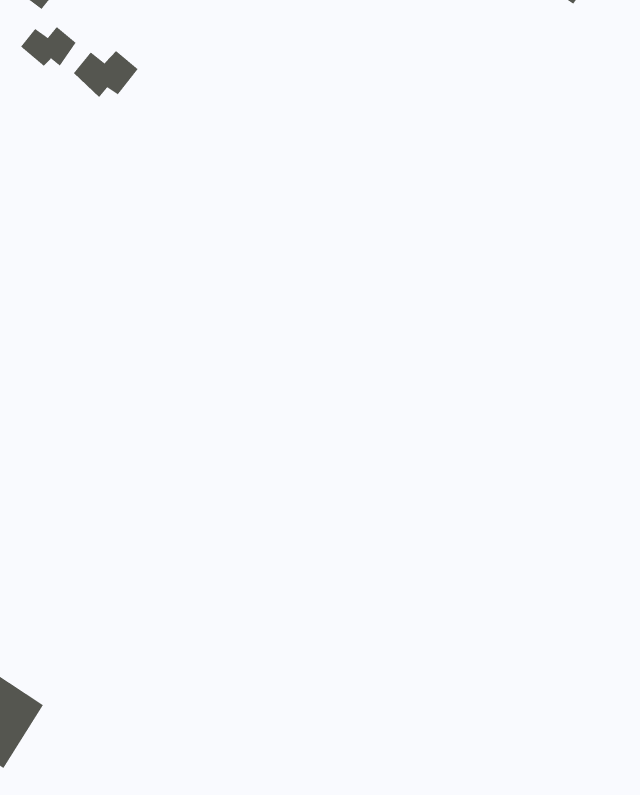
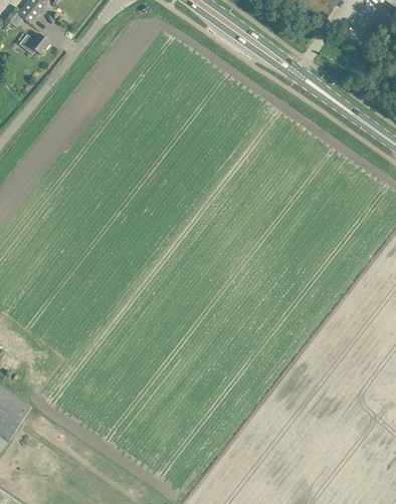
building: [73,50,139,98] -> none

